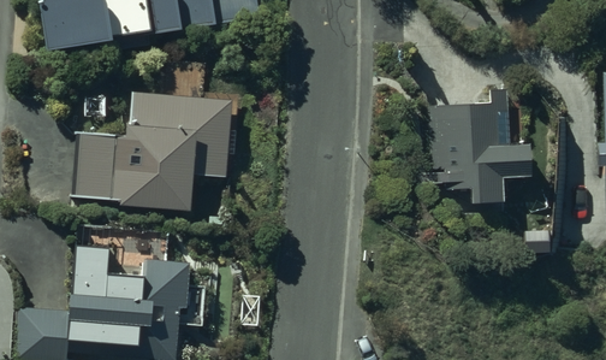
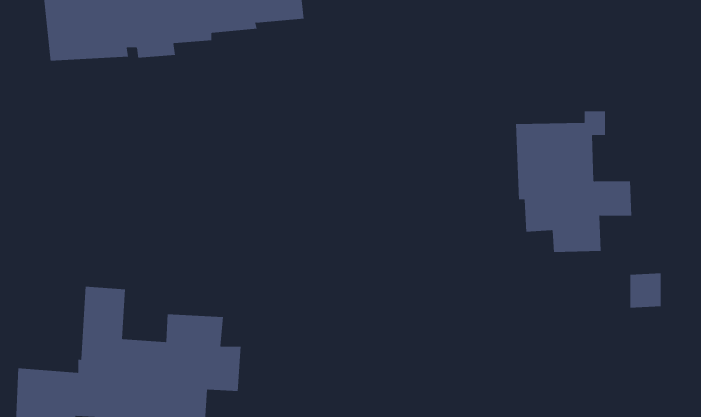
building: [76,90,242,213] -> none

